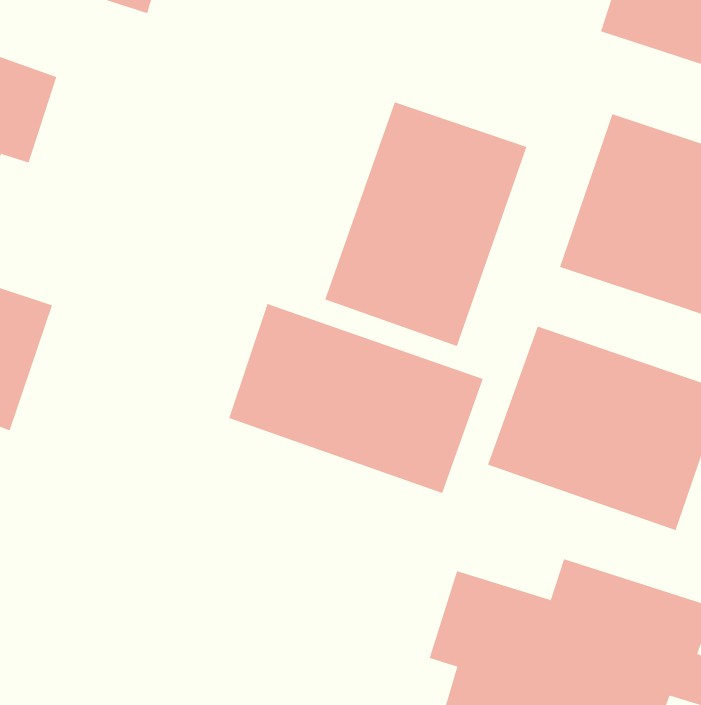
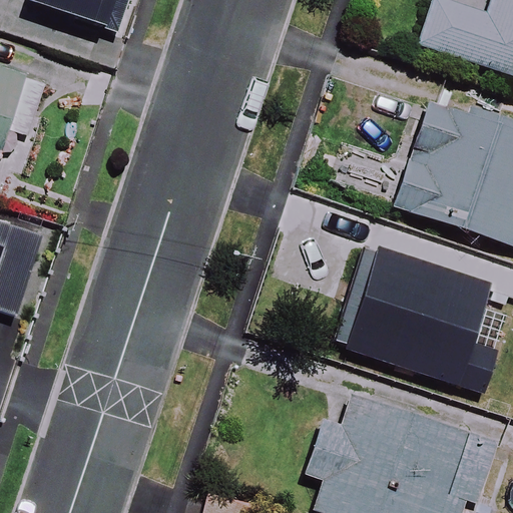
building: [324,101,527,347] -> none
building: [228,303,483,494] -> none

